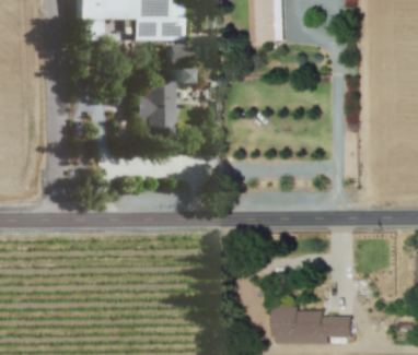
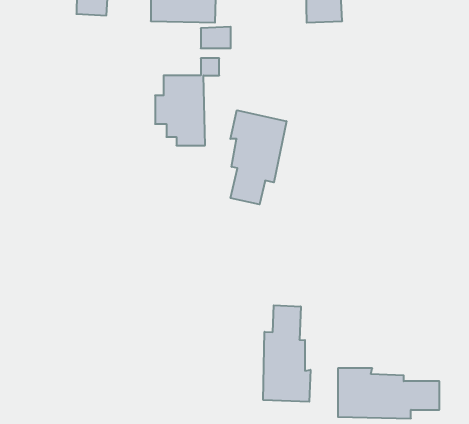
building: none -> [230,110,286,204]
building: none -> [263,305,310,402]

